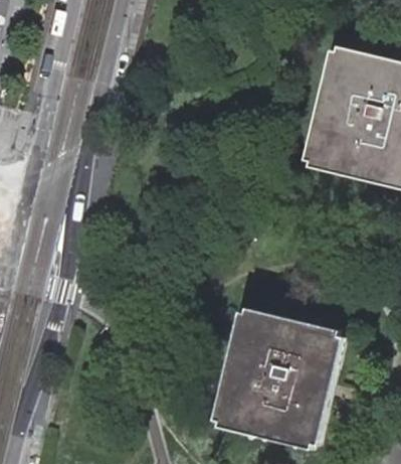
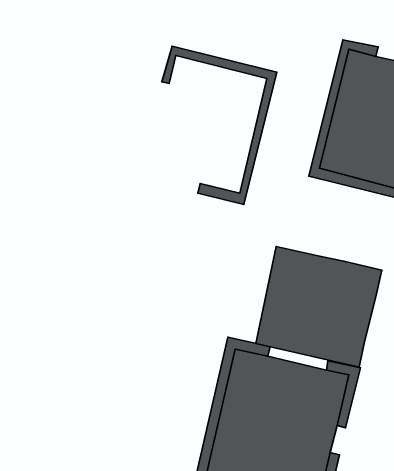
building: none -> [162,46,277,204]
building: none -> [256,246,382,367]

